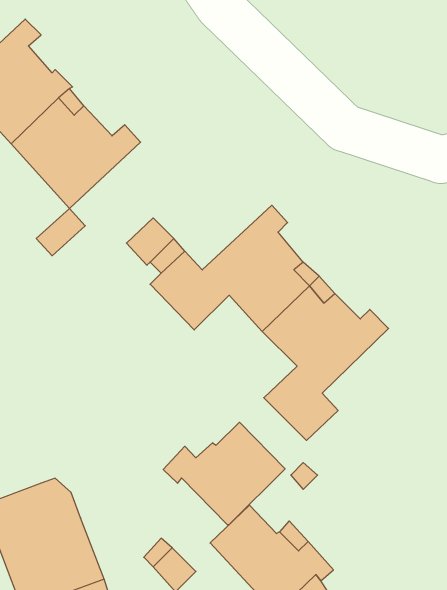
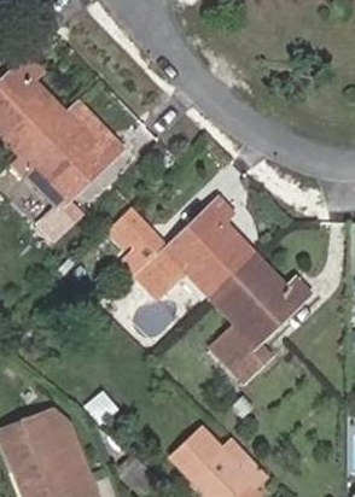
building: [163,422,285,525] -> none

